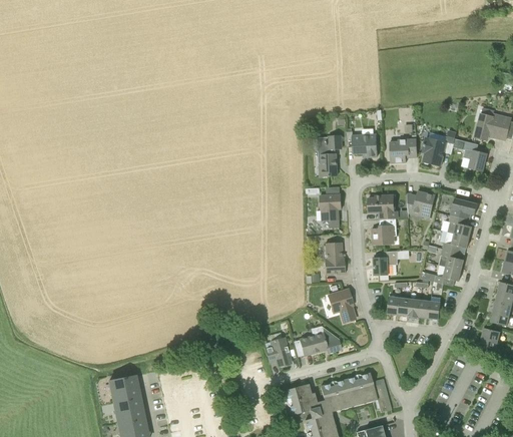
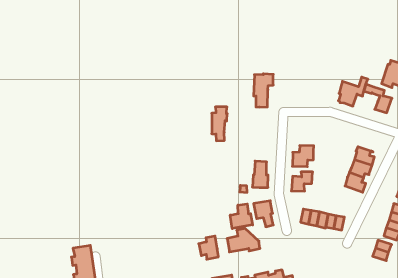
building: [347,131,377,157] -> none
building: [390,138,418,163] -> none
building: [322,186,341,229] -> [212,107,227,141]
building: [407,191,436,218] -> none
building: [369,195,398,220] -> none
building: [451,198,478,221] -> none
building: [420,265,461,286] -> none
building: none -> [230,204,253,229]

